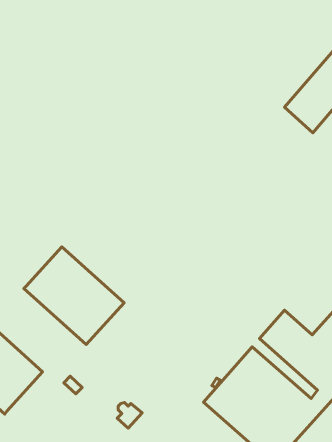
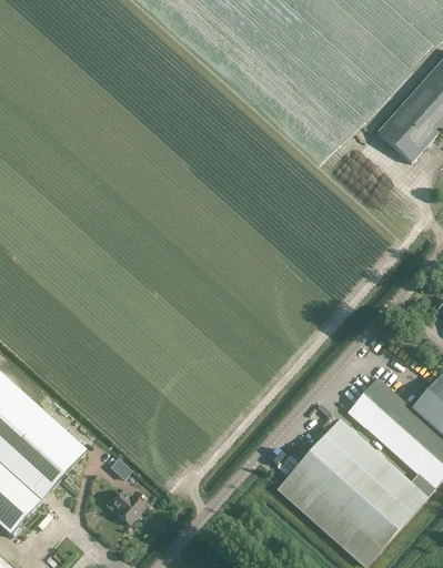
building: [24,247,124,345] -> none
building: [117,403,142,428] -> [115,493,145,524]

